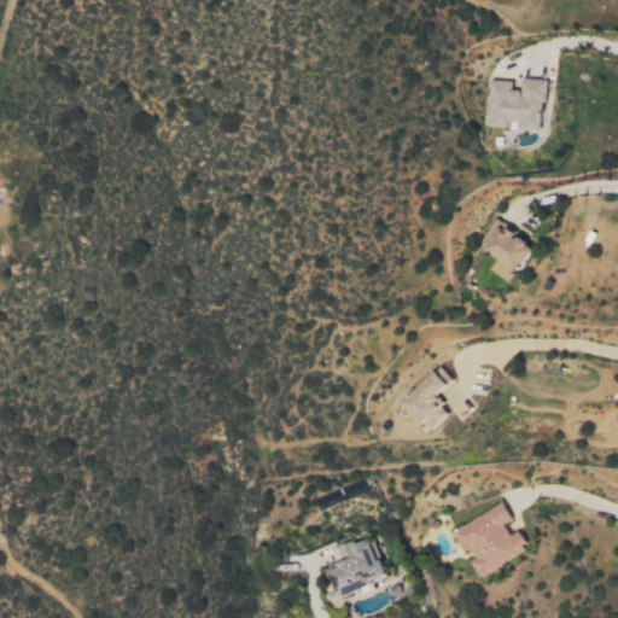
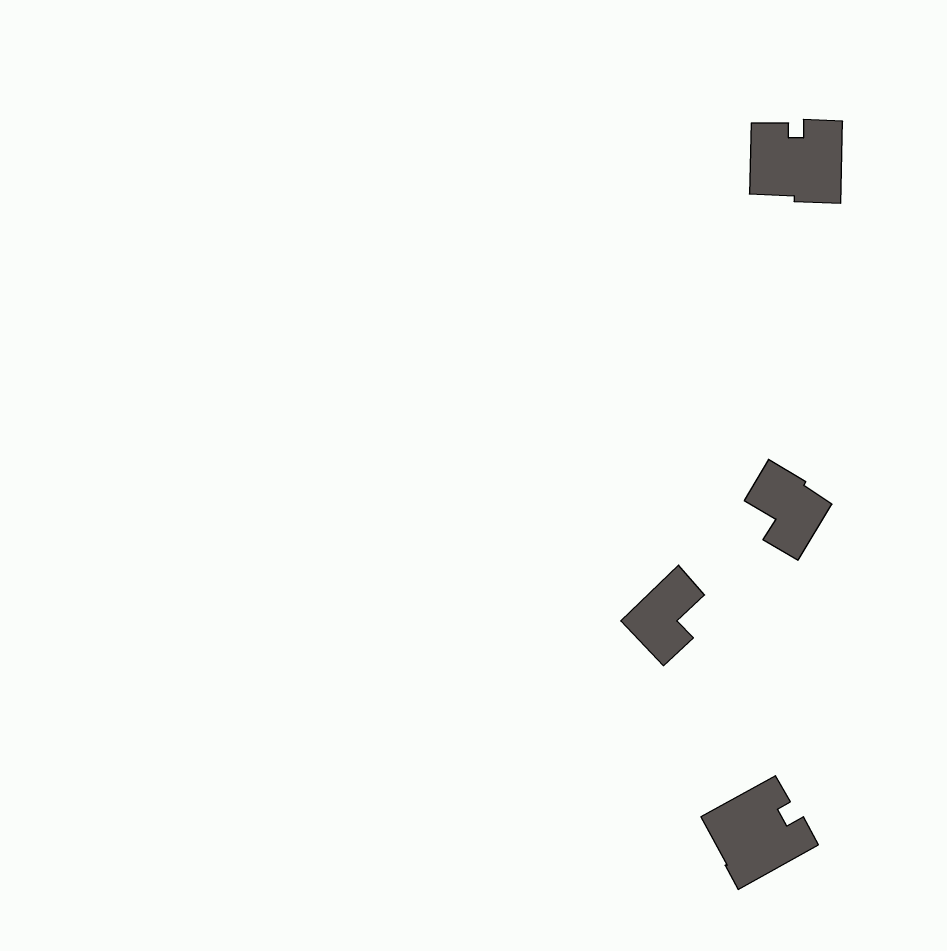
building: [477,217,534,282] -> [744,459,832,560]
building: [327,531,387,597] -> none

